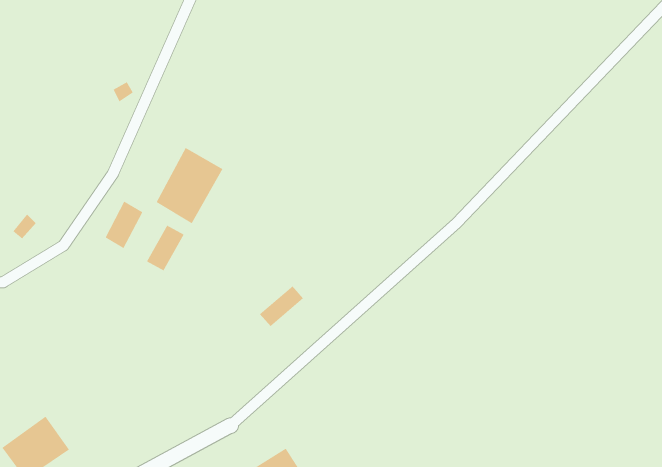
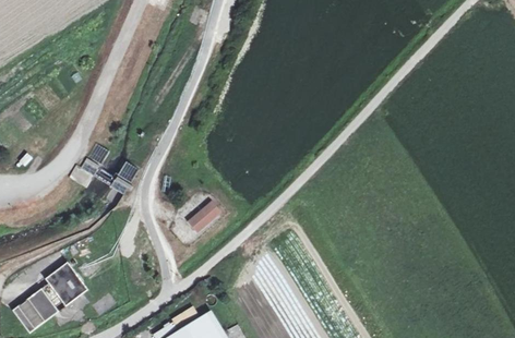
building: [156,147,223,224] -> none
building: none -> [45,264,87,307]

